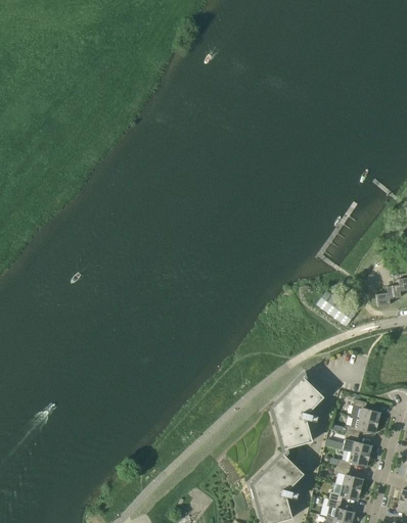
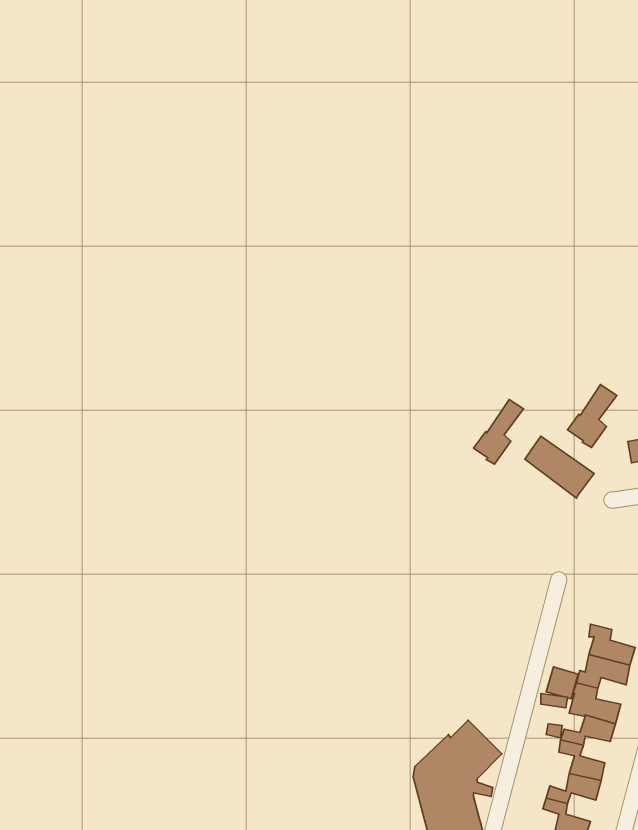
building: none -> [567,385,617,448]
building: none -> [473,399,524,464]
building: [272,376,324,448] -> none

